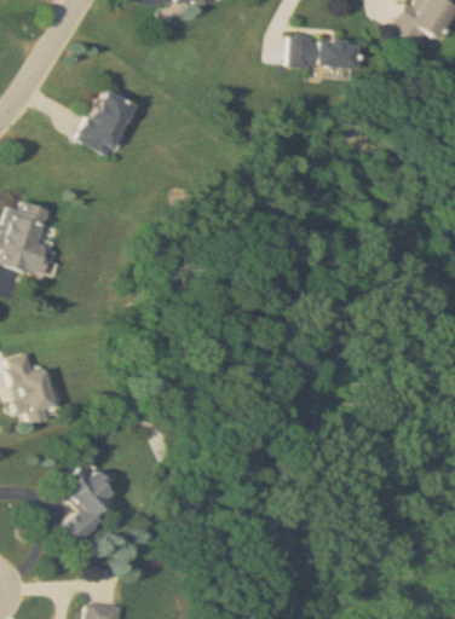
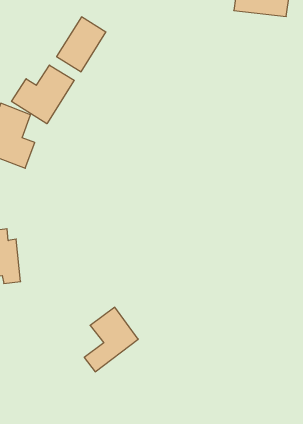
building: none -> [12,65,74,124]
building: [56,464,121,545] -> [84,307,138,372]

